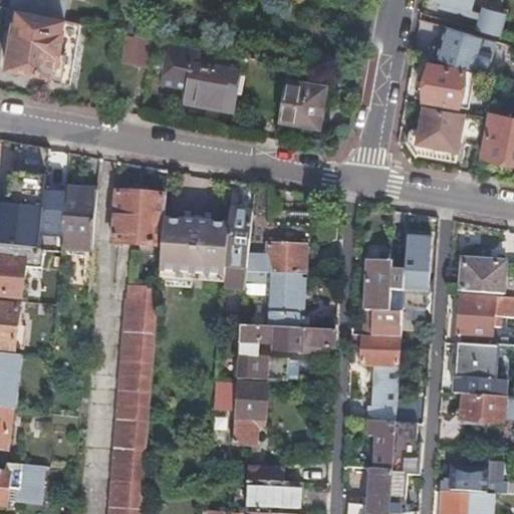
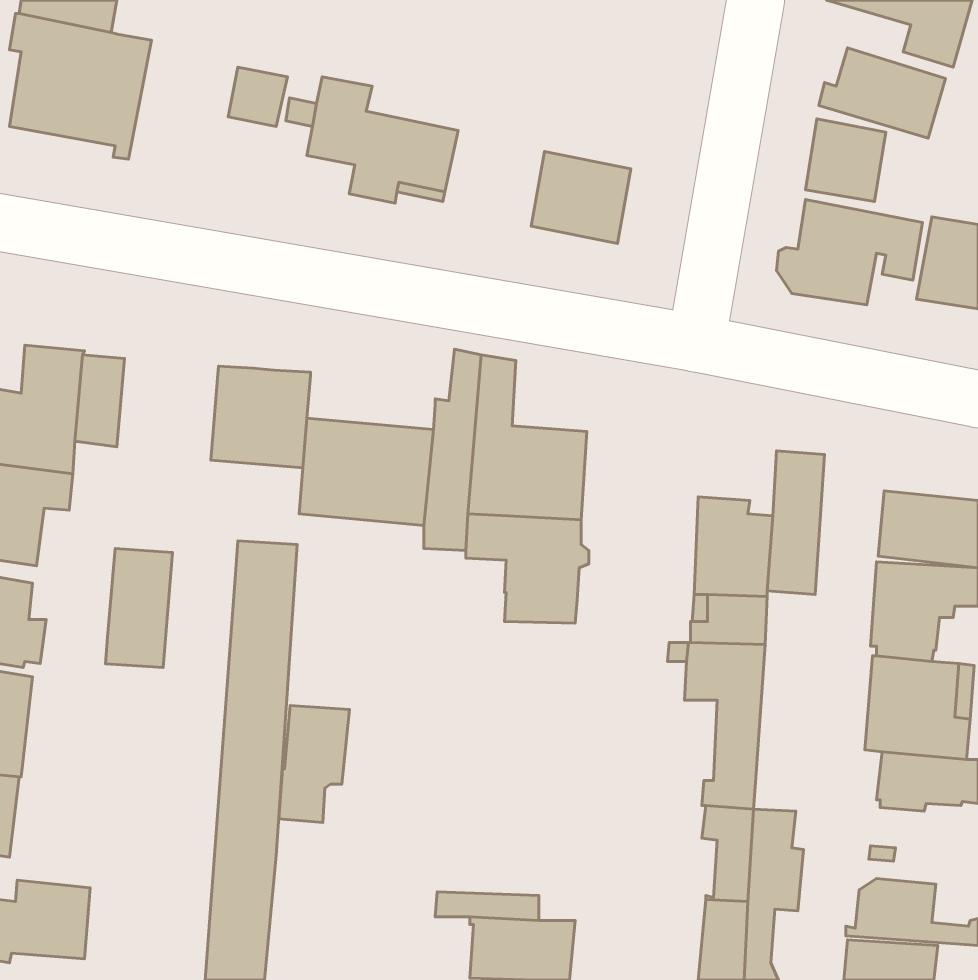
building: [60,188,95,250] -> [105,549,173,668]
building: [237,324,335,378] -> none
building: [231,382,268,444] -> [279,706,350,823]

